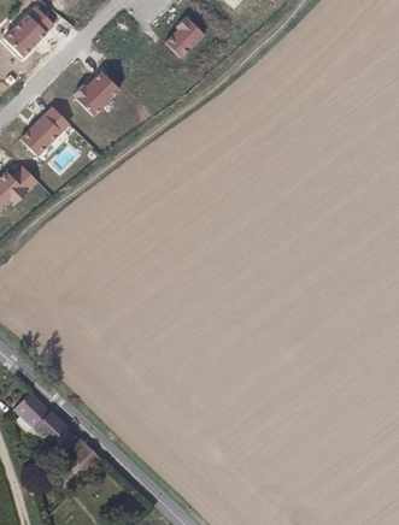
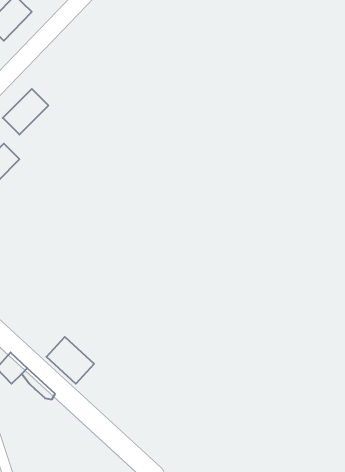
building: [165,16,205,57] -> none
building: [72,72,118,114] -> none
building: none -> [46,337,94,384]

